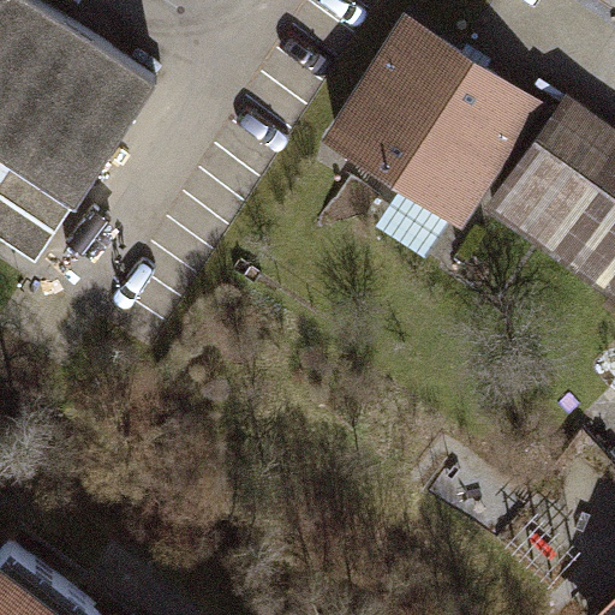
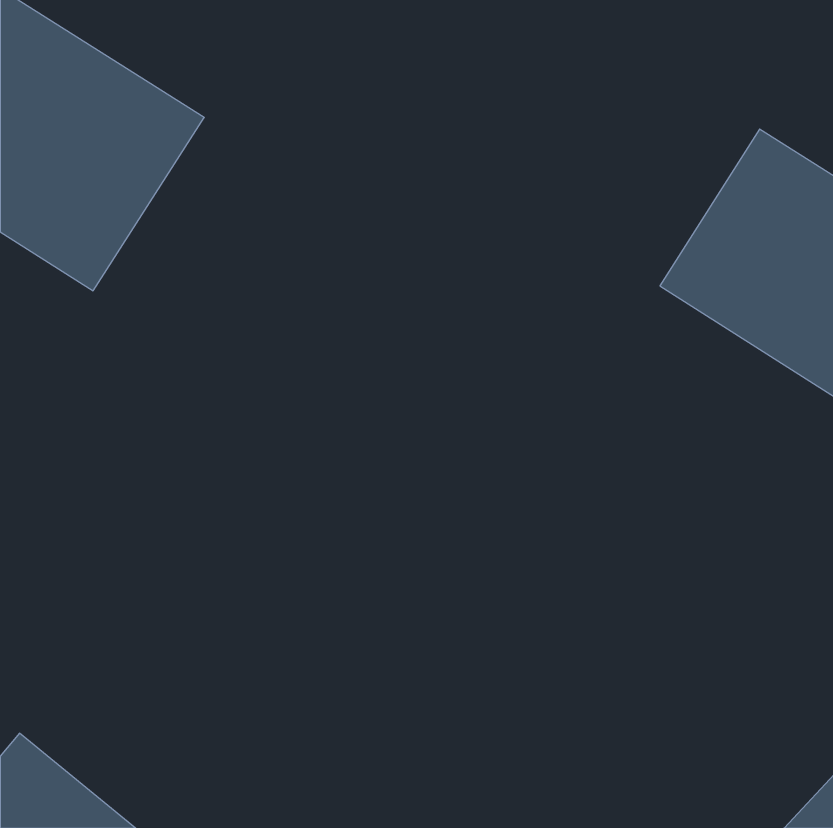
building: [318,18,536,231] -> none

